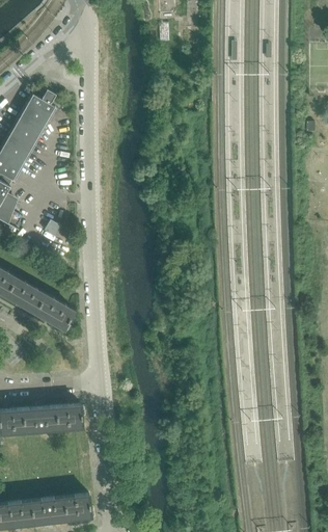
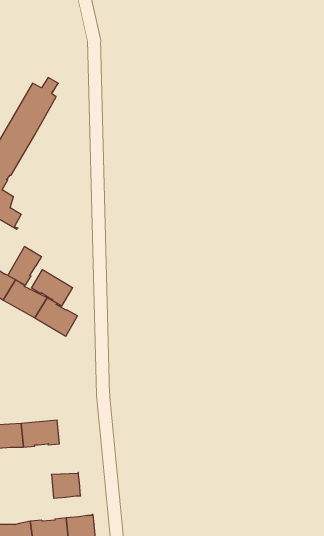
building: none -> [8,246,42,285]
building: none -> [31,270,73,306]
building: [53,404,80,428] -> [51,472,81,498]

